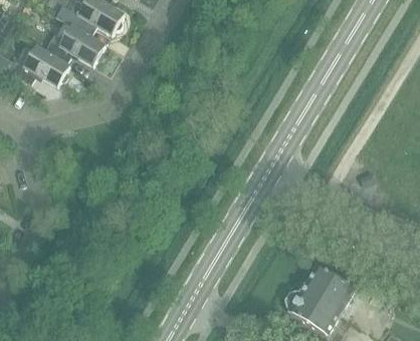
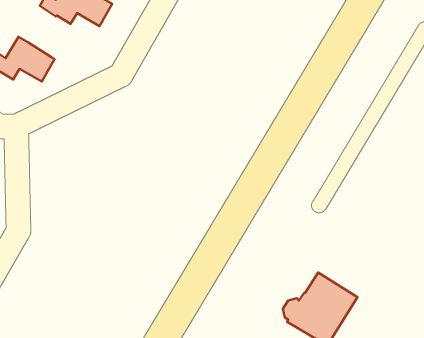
building: [44,24,106,65] -> none

